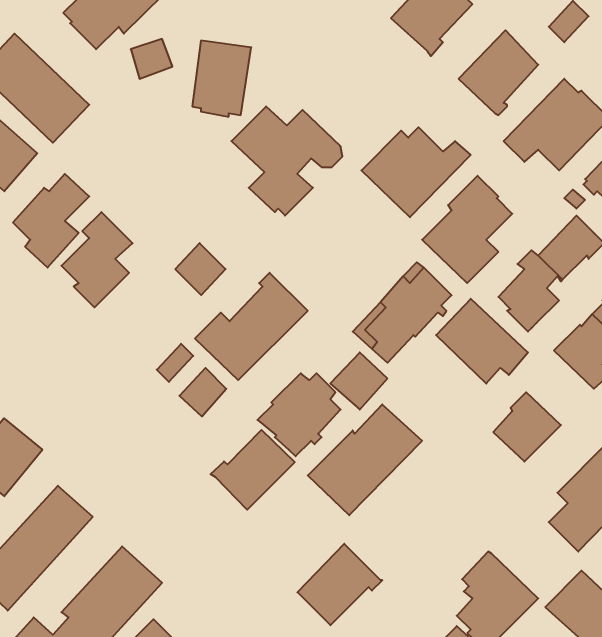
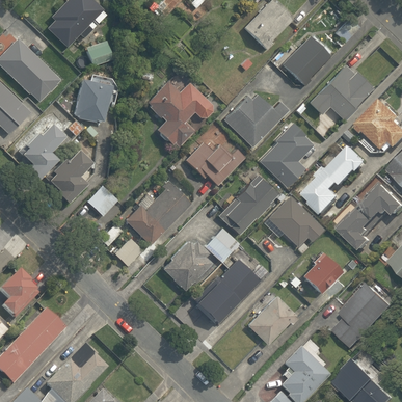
building: [192,41,251,117] -> [73,76,108,122]
building: none -> [185,142,244,186]
building: [175,243,226,295] -> [85,184,115,215]
building: [211,430,295,510] -> none
building: [297,544,382,625] -> [247,296,298,345]

